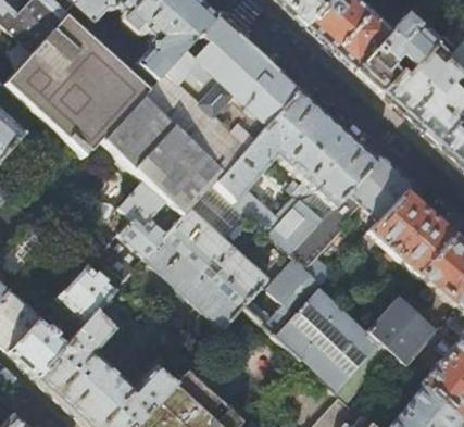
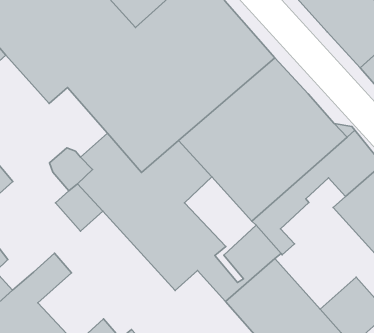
building: [58,264,117,325] -> none

